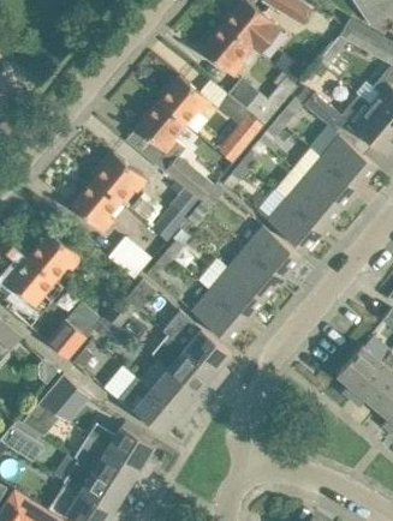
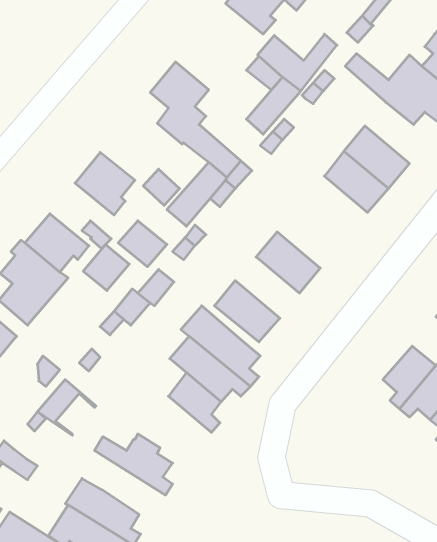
building: [156,76,210,125] -> none
building: [320,136,376,188] -> none
building: [91,154,147,203] -> none
building: [267,199,322,252] -> none
building: [244,226,299,279] -> none
building: [208,269,263,322] -> none
building: [46,319,85,359] -> [83,245,129,291]
building: [120,378,187,435] -> none
building: [73,436,148,491] -> none

